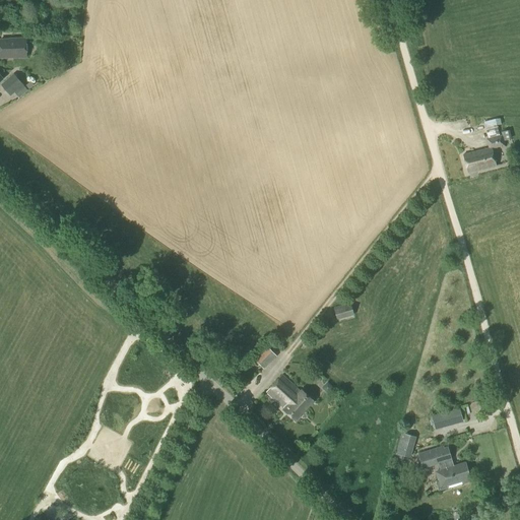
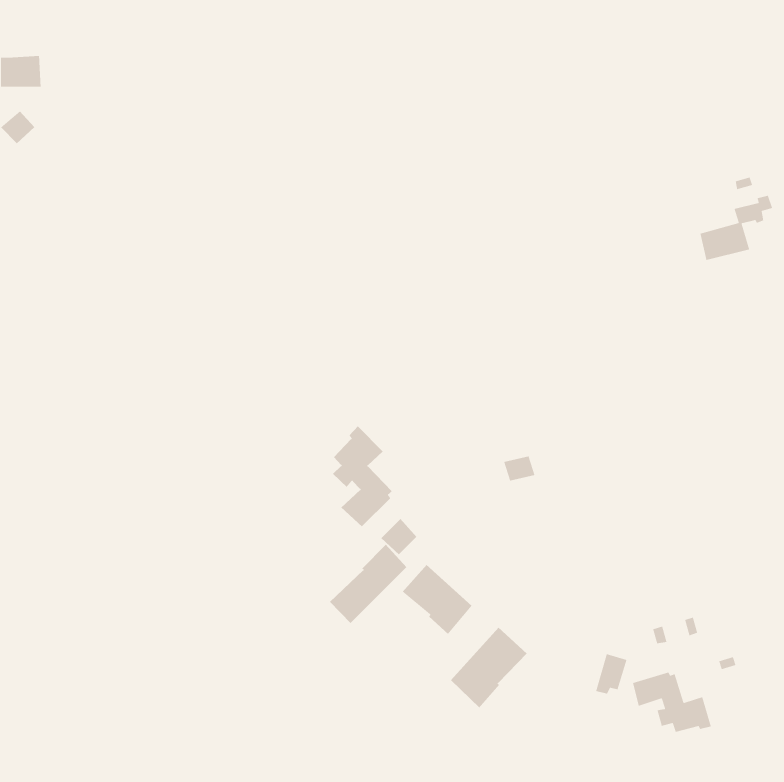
building: none -> [332,425,393,527]
building: none -> [329,544,407,624]
building: none -> [450,627,528,709]

